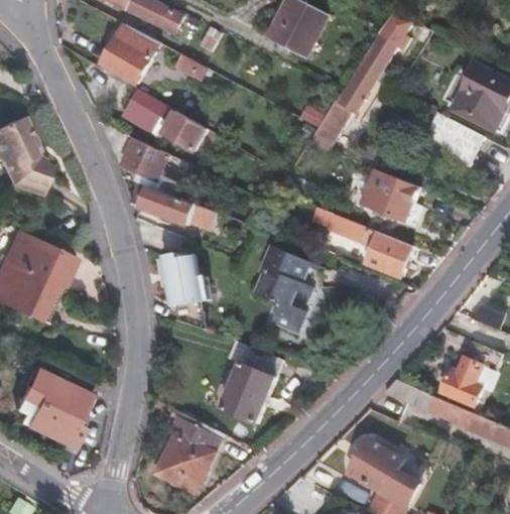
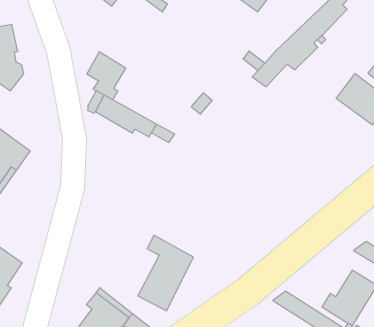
building: [132,92,208,147] -> none
building: [360,164,419,218] -> none
building: [313,203,412,275] -> none
building: [250,243,314,332] -> none
building: [160,250,208,305] -> none

